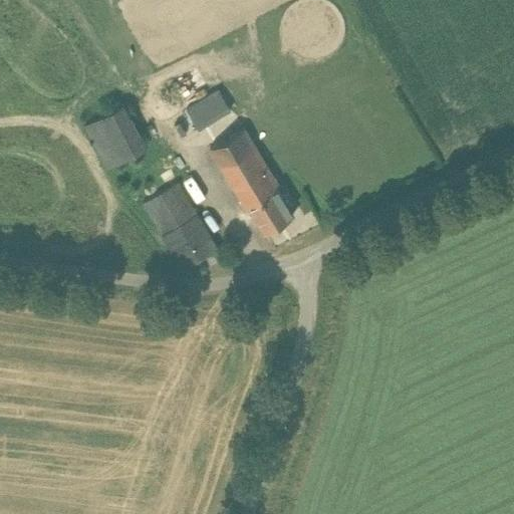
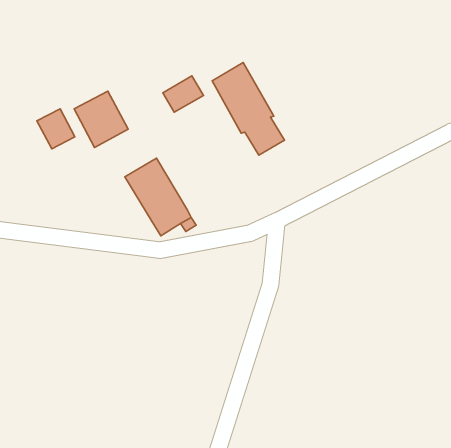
building: none -> [37,109,75,149]
building: [211,130,293,235] -> [212,62,285,155]

